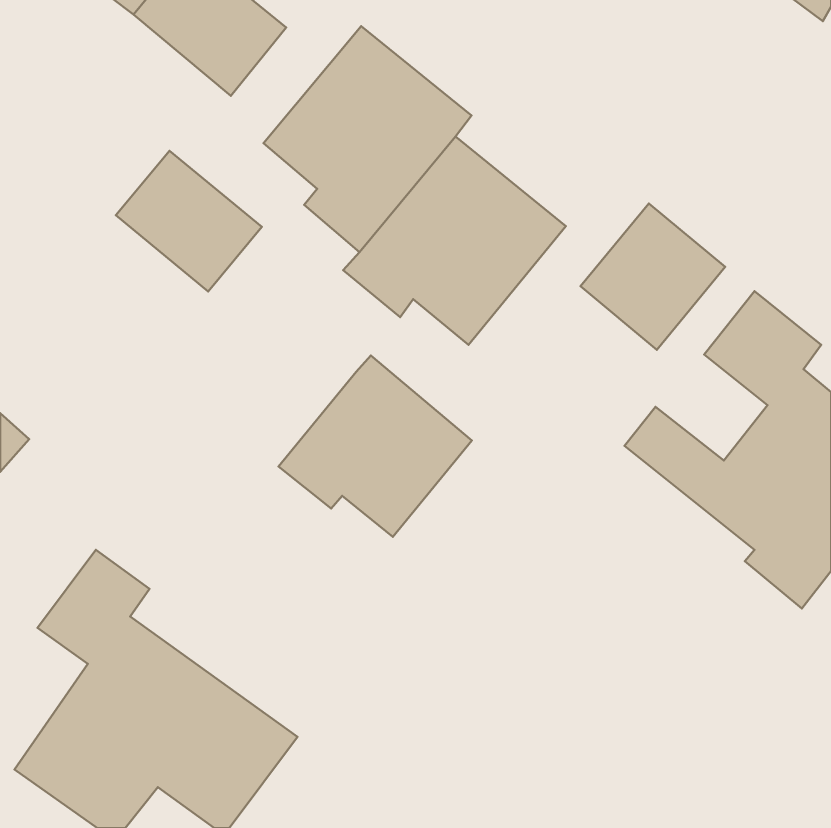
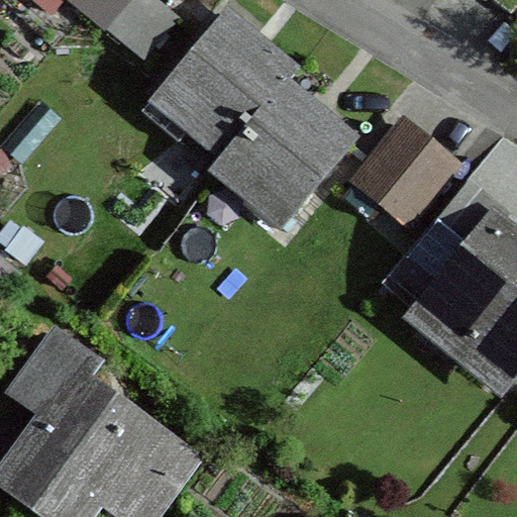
building: [116,151,262,292] -> none
building: [278,356,472,537] -> none

